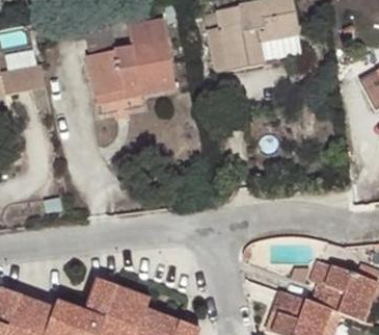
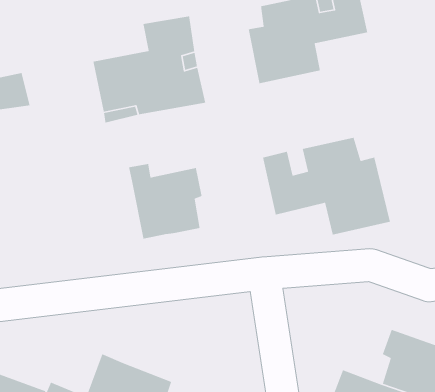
building: none -> [262,137,391,236]
building: none -> [128,163,203,240]

